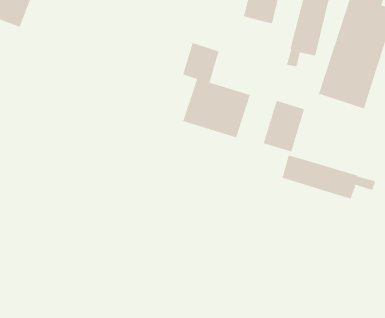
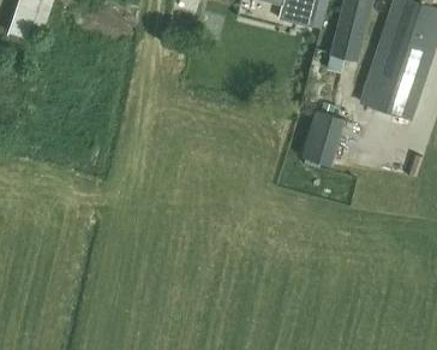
building: [182,42,250,138] -> none
building: [282,155,376,199] -> none

